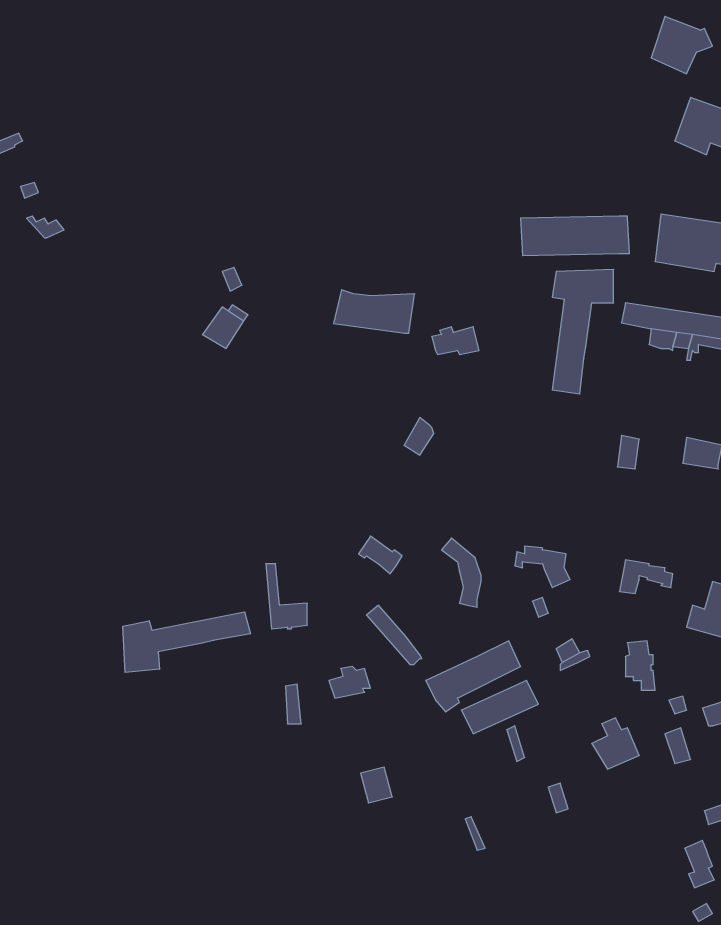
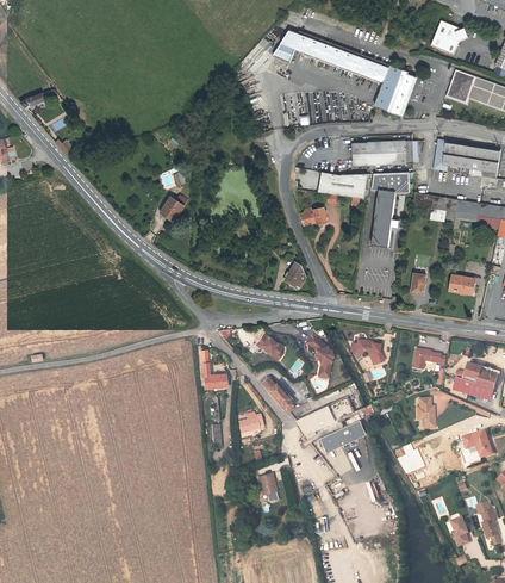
building: none -> [272,30,416,117]
building: [334,290,415,333] -> [318,172,367,198]
building: [123,612,251,672] -> none

